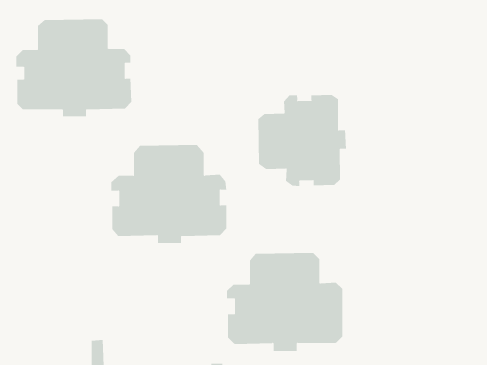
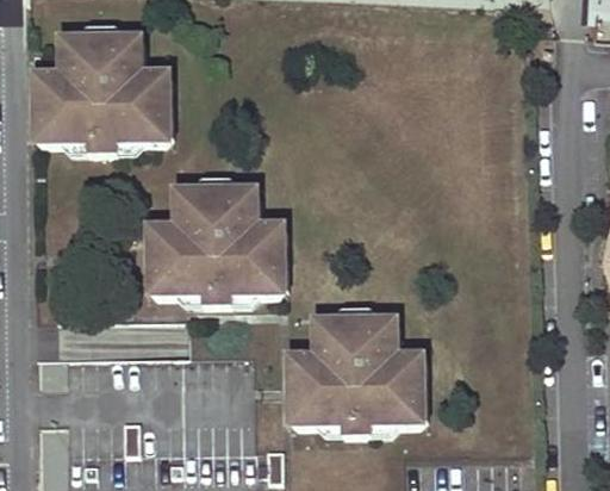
building: [258,94,346,187] -> none

